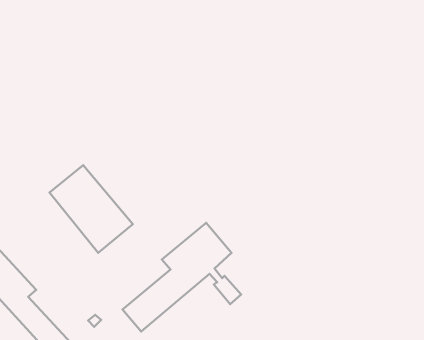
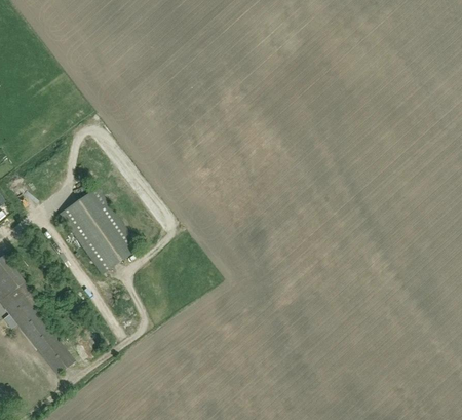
building: [123,223,241,331] -> none

